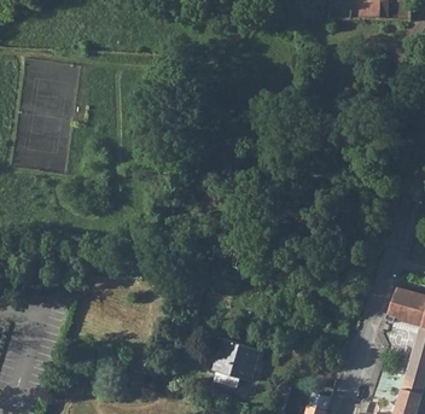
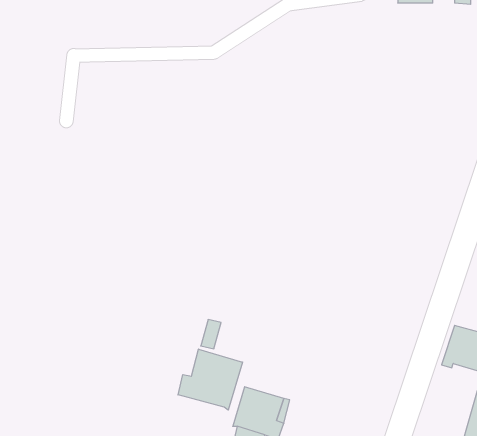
building: none -> [178,349,243,410]

